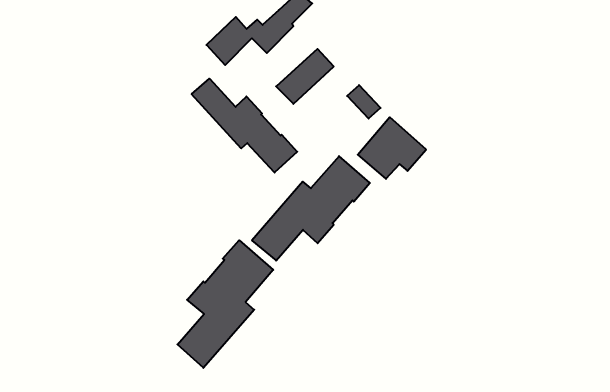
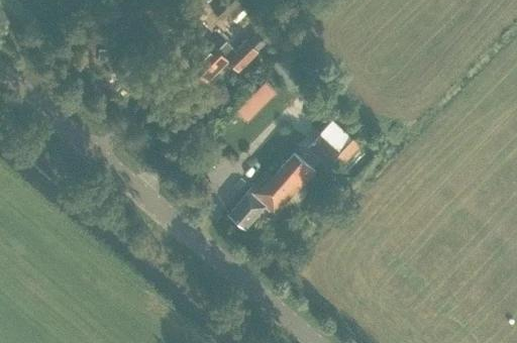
building: [192,79,297,173] -> none
building: [177,240,273,368] -> none

